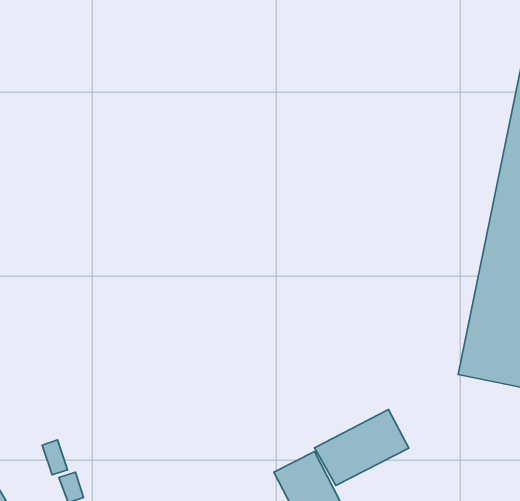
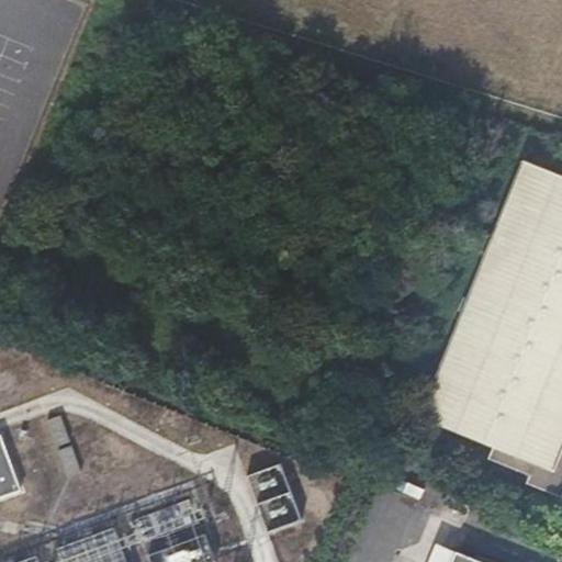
building: [314,410,409,486] -> none

